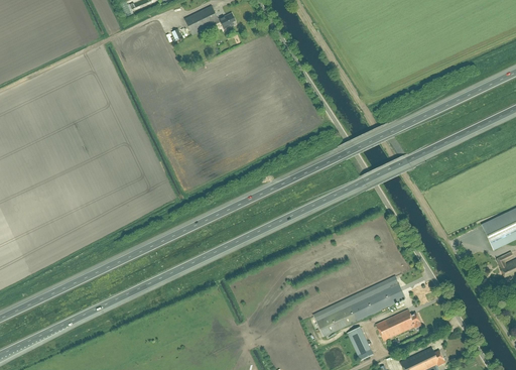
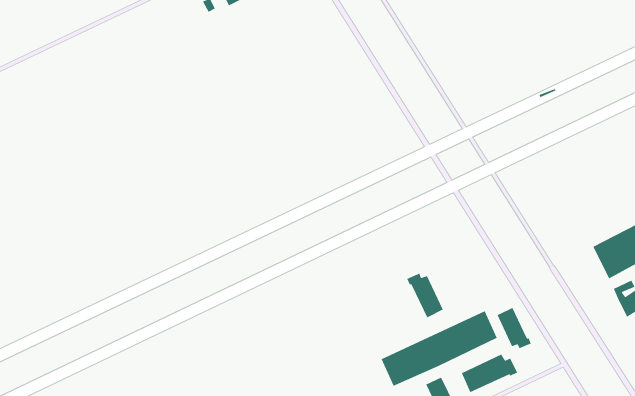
building: none -> [406,273,444,318]
building: none -> [497,307,532,349]

